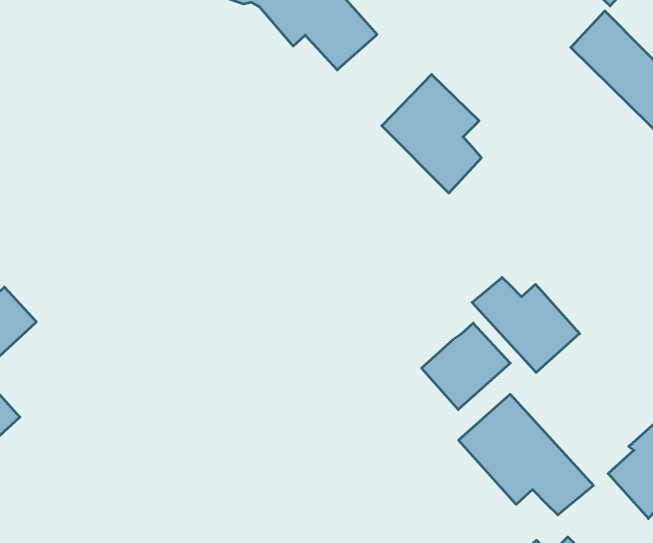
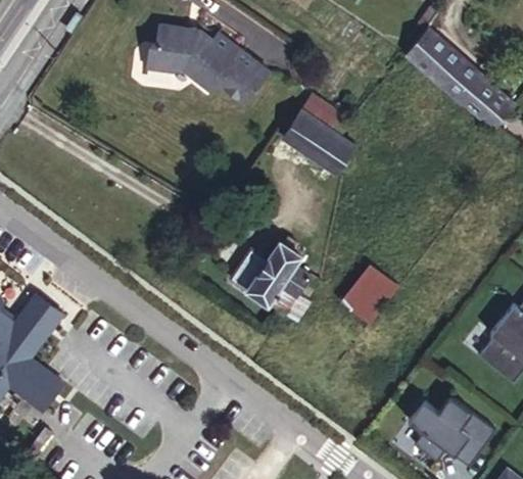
building: none -> [228,236,310,316]
building: [472,277,580,372] -> none
building: [459,394,593,515] -> none

